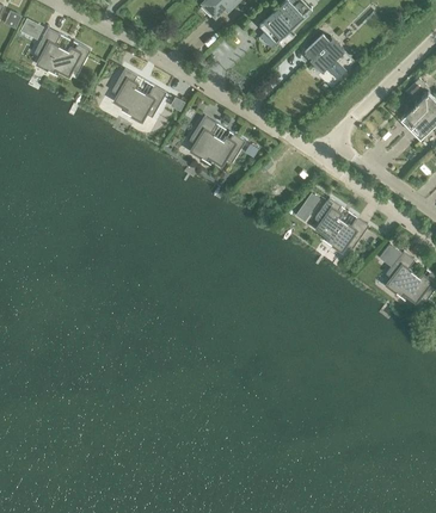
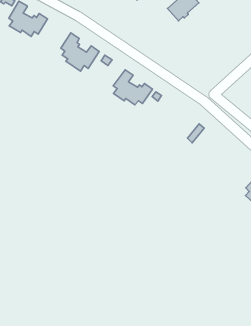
building: [303,33,343,73] -> none
building: [313,198,367,253] -> none

